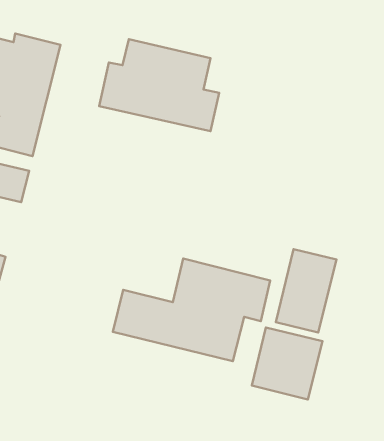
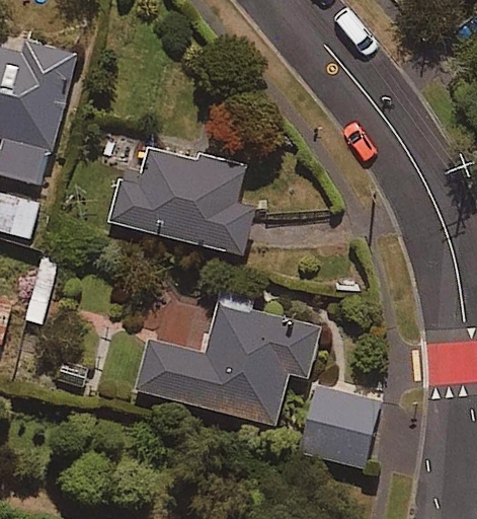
building: [99,39,219,131] -> [113,145,253,252]
building: [276,249,336,332] -> none

